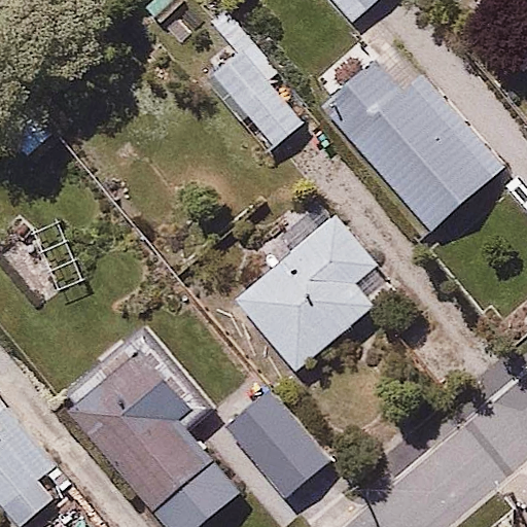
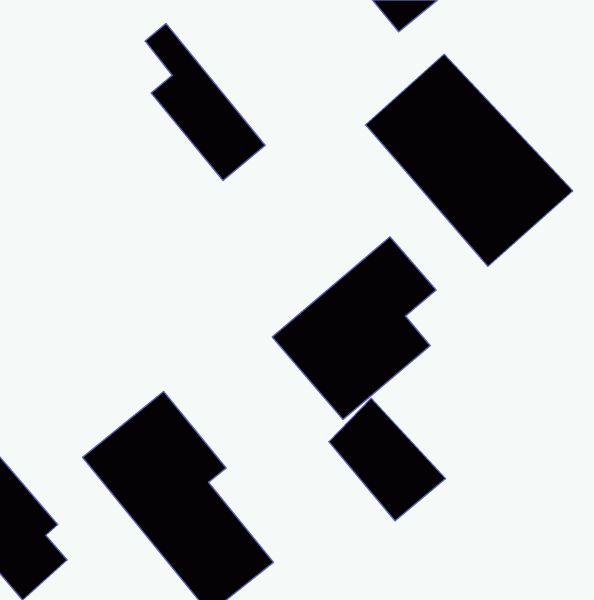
building: [200,14,305,151] -> [145,24,265,180]
building: [222,395,324,502] -> [329,398,446,521]

